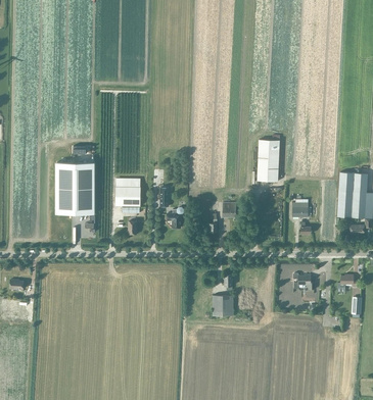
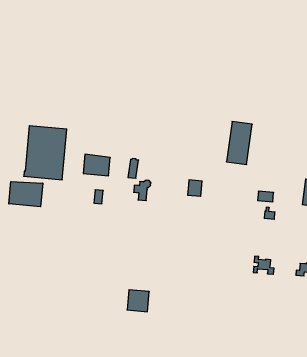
building: none -> [9,182,43,207]
building: [213,295,233,315] -> [127,290,149,312]

